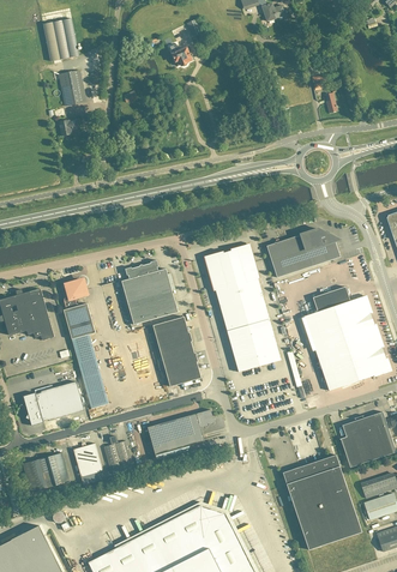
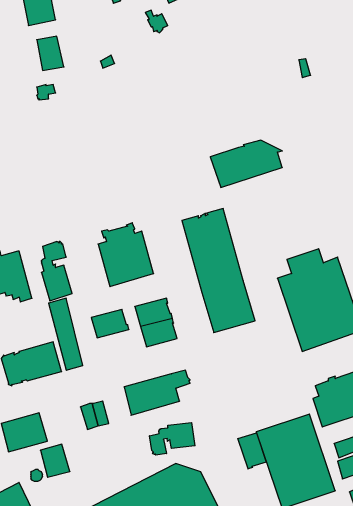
building: [266,229,339,277] -> [210,140,282,187]
building: [152,317,191,345] -> [91,309,129,338]
building: [73,444,103,477] -> [40,444,70,477]
building: none -> [150,423,195,455]
building: none -> [238,433,266,469]

